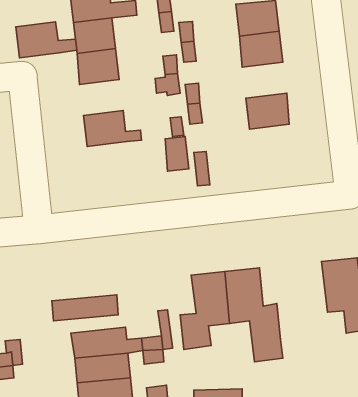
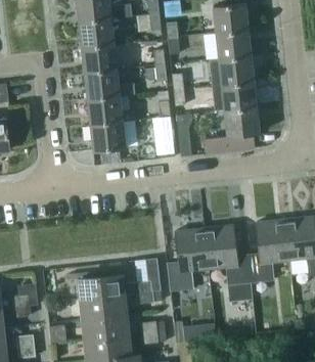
building: [16,22,77,58] -> [84,69,134,98]
building: none -> [218,54,255,84]
building: none -> [206,105,260,153]
building: none -> [90,120,126,149]
building: none -> [246,219,288,283]
building: [52,295,118,321] -> none

